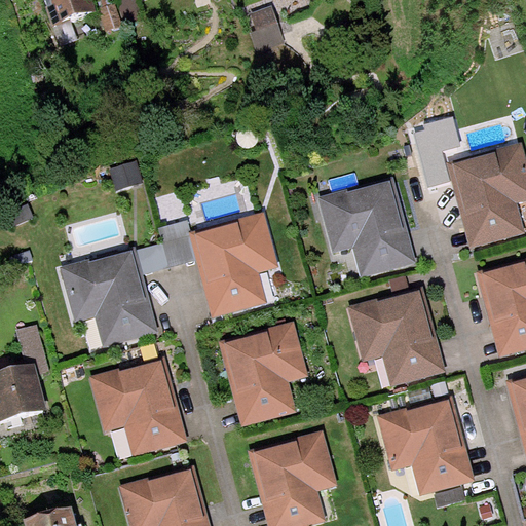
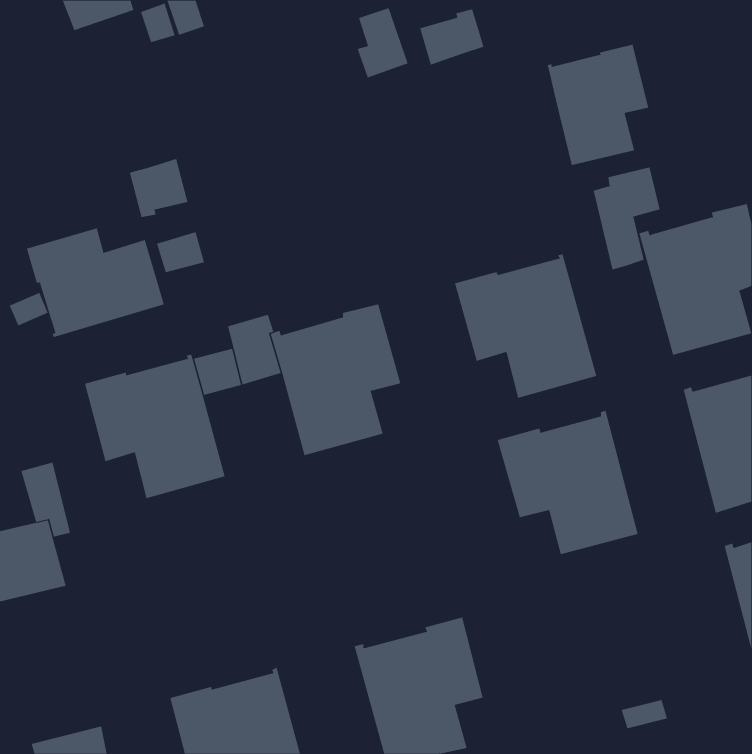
building: none -> [419,8,484,65]
building: none -> [547,44,649,166]
building: none -> [129,158,188,218]
building: none -> [26,228,164,338]
building: [218,321,308,426] -> none
building: [87,355,187,456] -> none
building: [376,394,475,496] -> none

